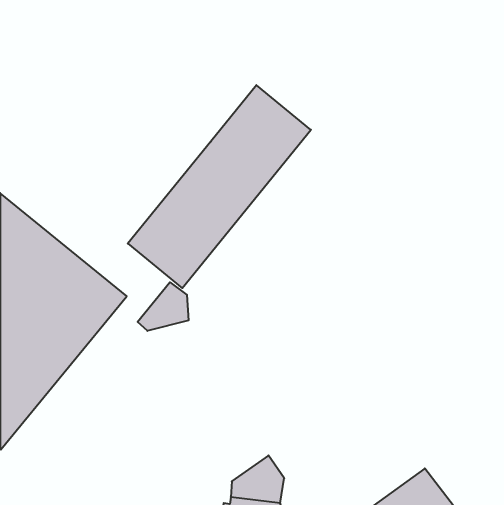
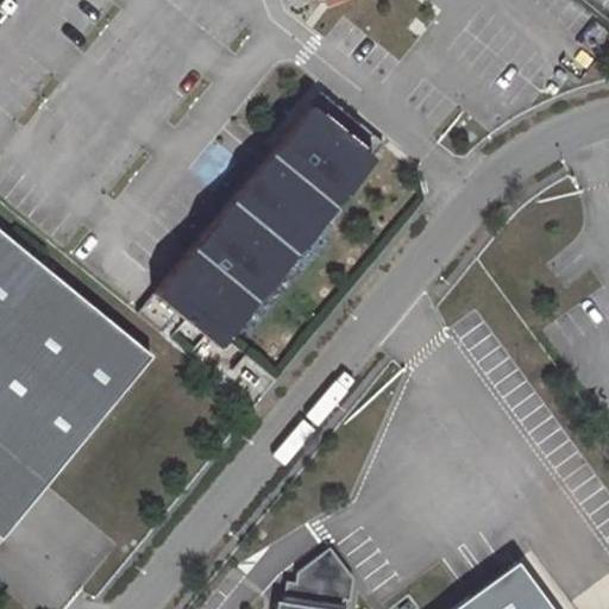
building: [138,282,189,331] -> none

